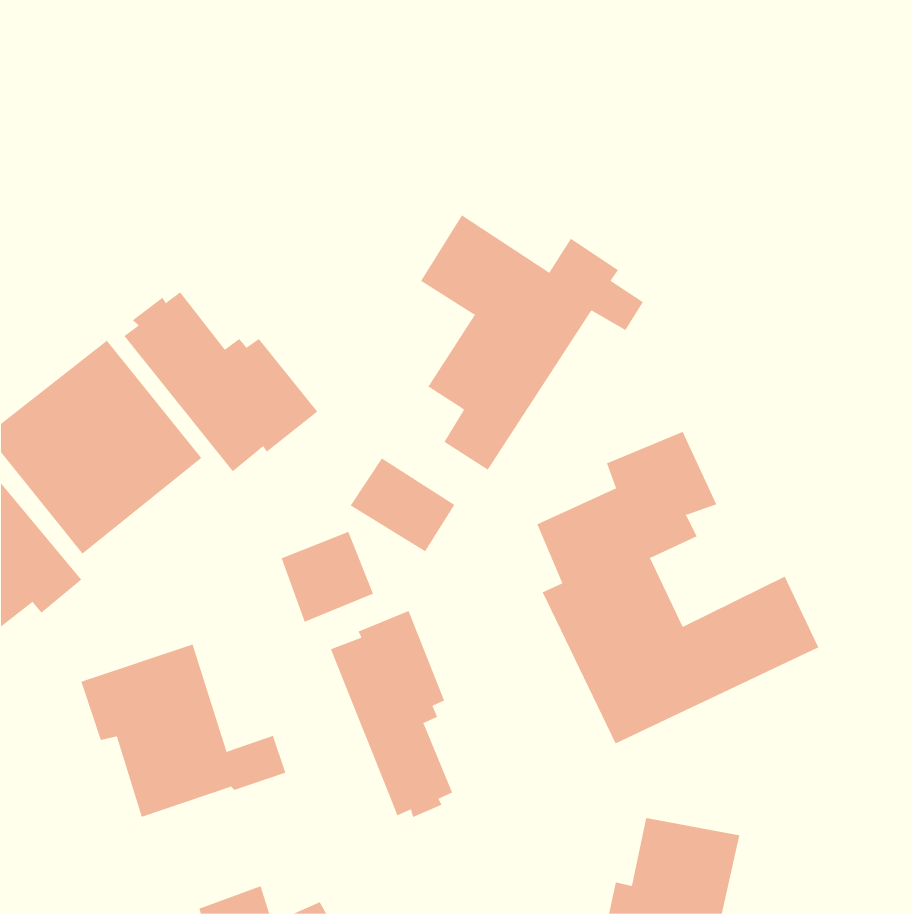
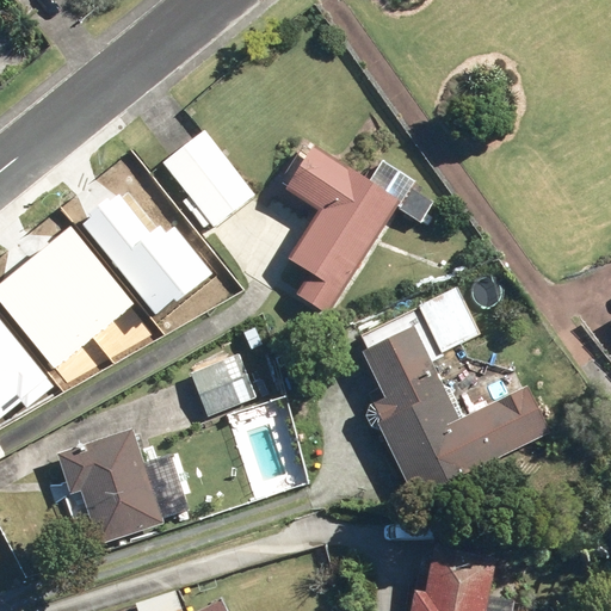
building: none -> [159,129,254,229]
building: [350,458,455,552] -> none
building: [330,610,453,818] -> none

